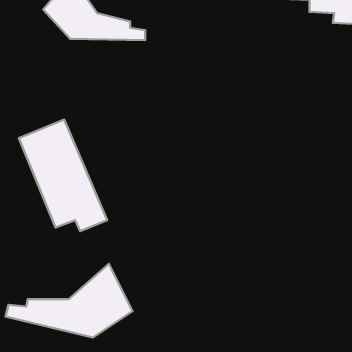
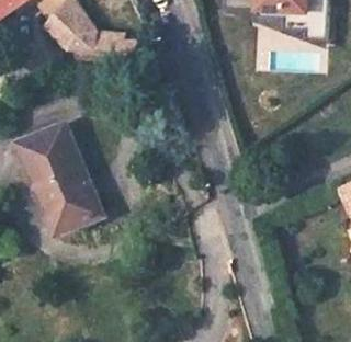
building: [6,264,133,337] -> none

